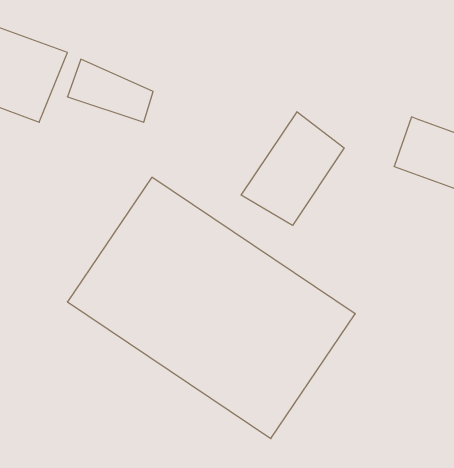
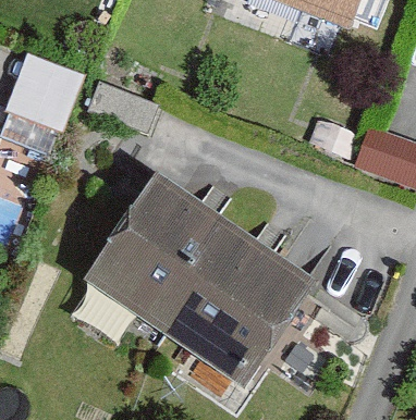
building: [241,112,344,225] -> none

